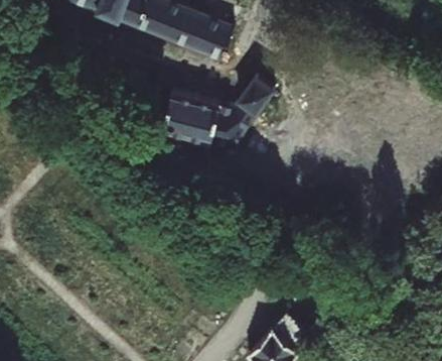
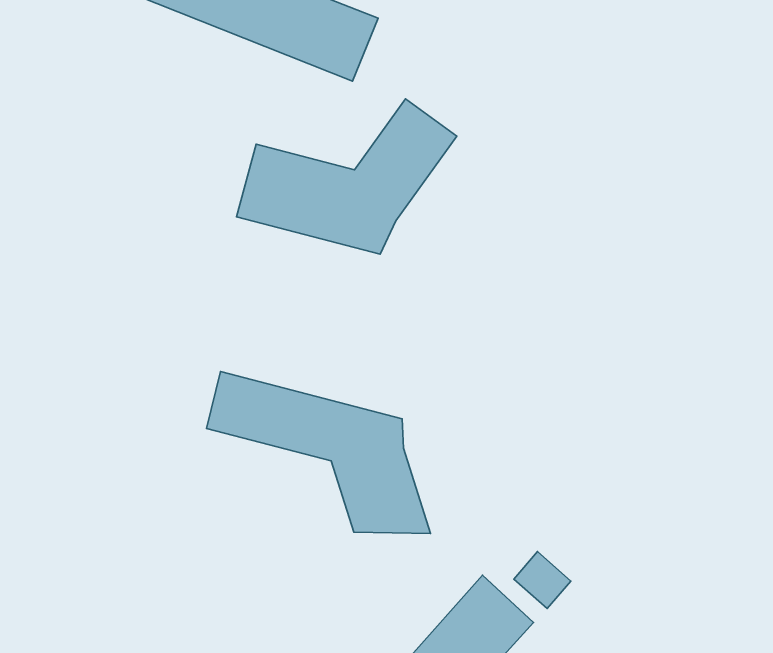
building: none -> [207,372,431,533]

